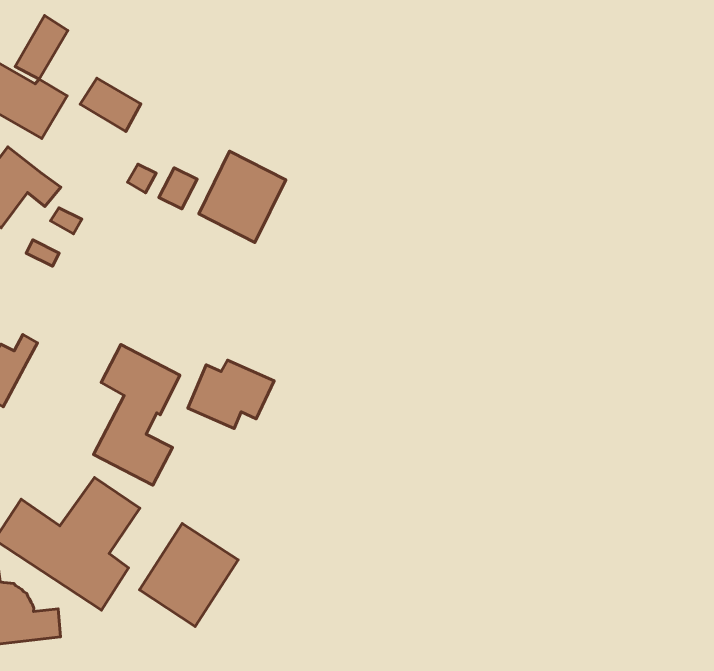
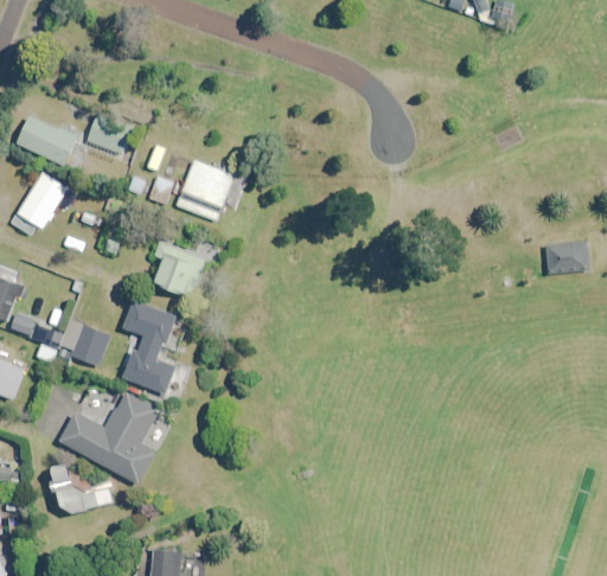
building: [15,16,68,79] -> none
building: [188,360,274,429] -> [152,248,209,294]
building: none -> [59,319,109,366]
building: [140,523,238,626] -> none

